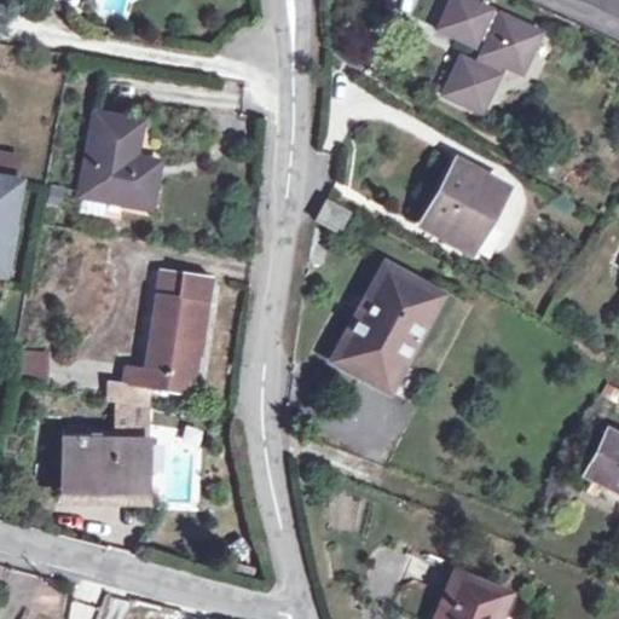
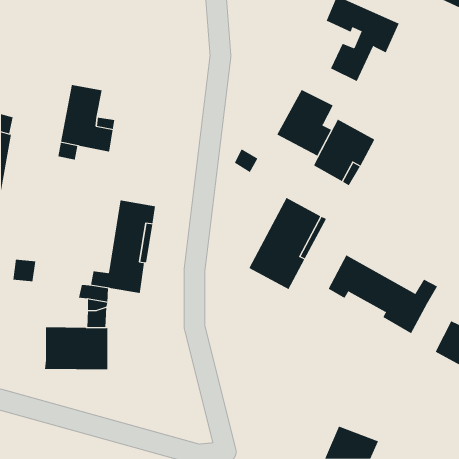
building: none -> [276,89,333,156]
building: none -> [328,255,438,334]

